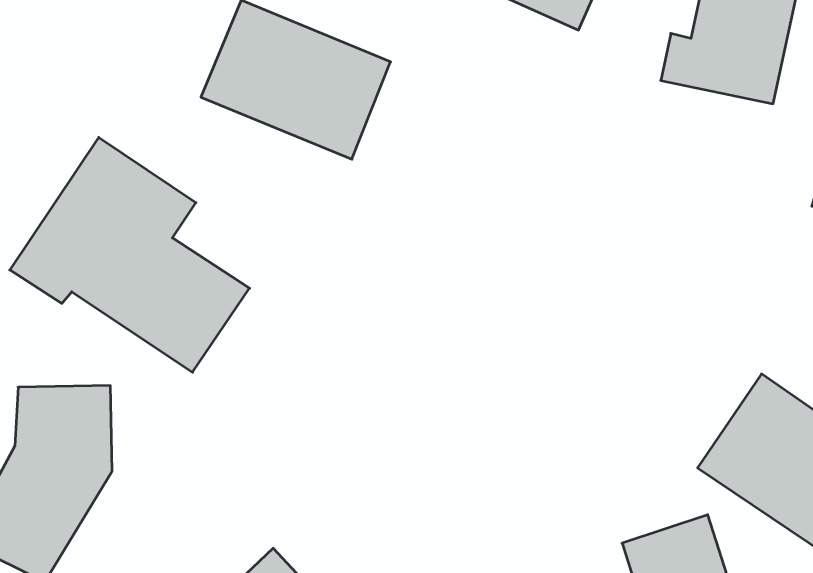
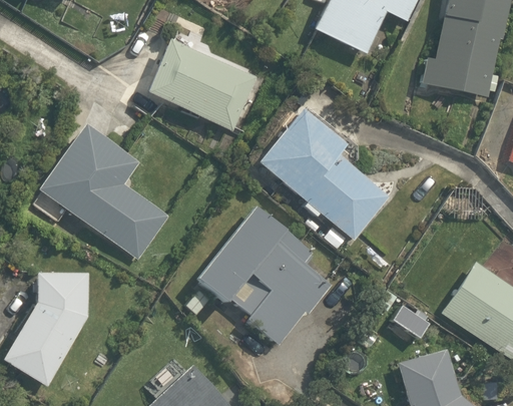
building: none -> [254,105,395,243]
building: none -> [192,205,341,352]

